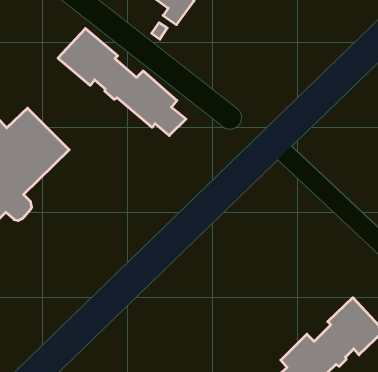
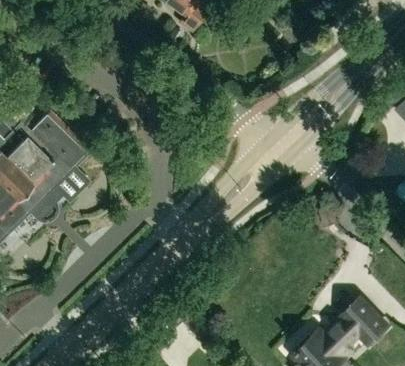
building: [58,28,186,136] -> none

